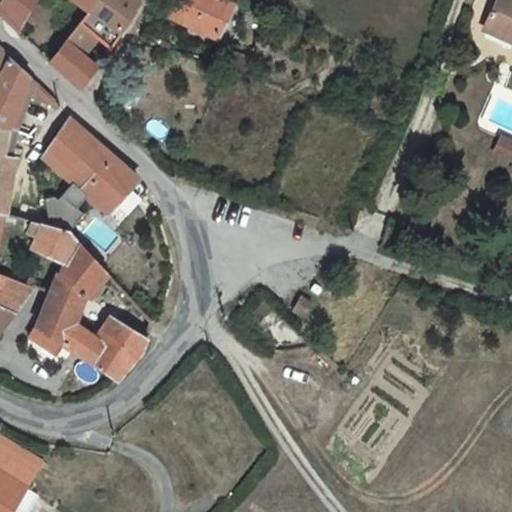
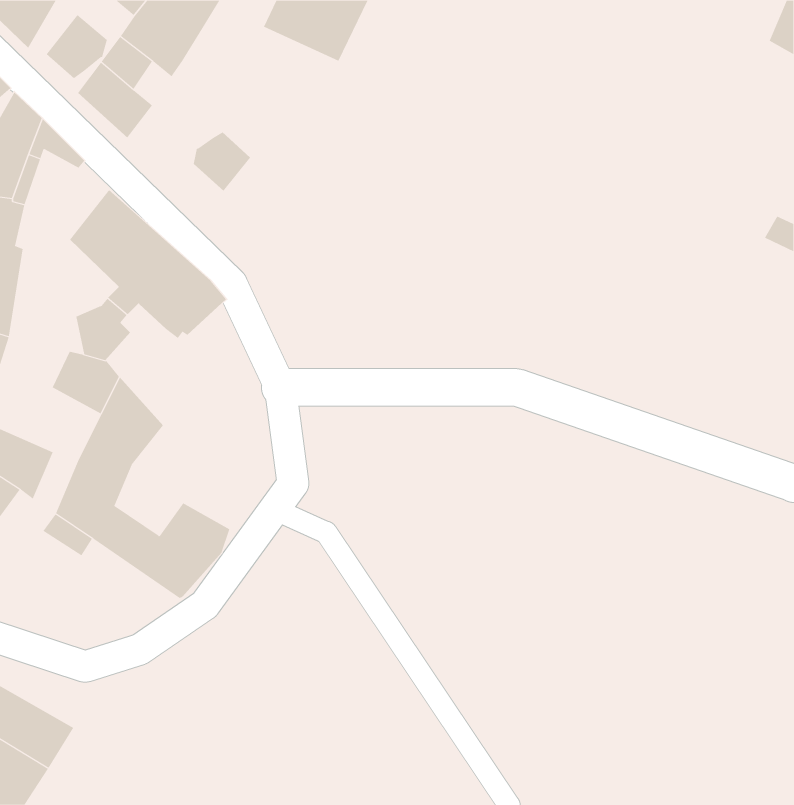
building: none -> [46,14,107,79]
building: none -> [193,131,251,191]

